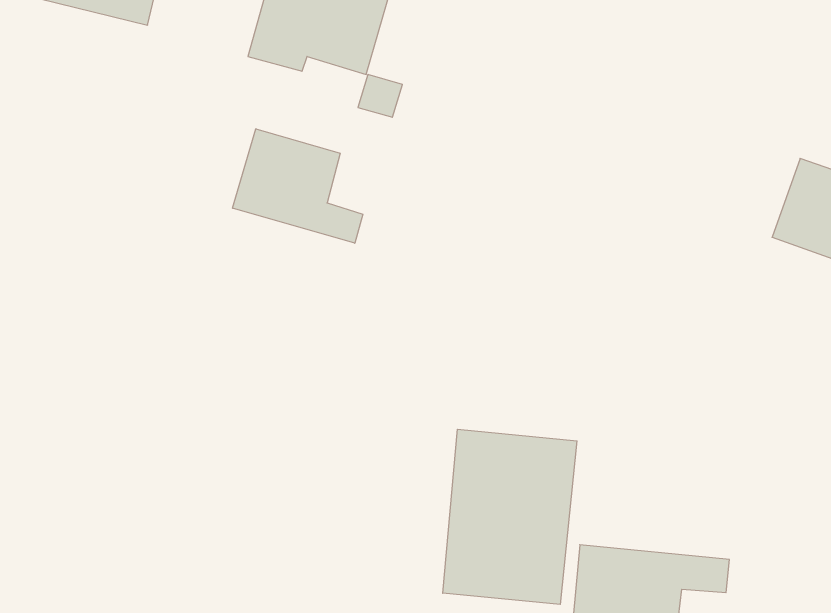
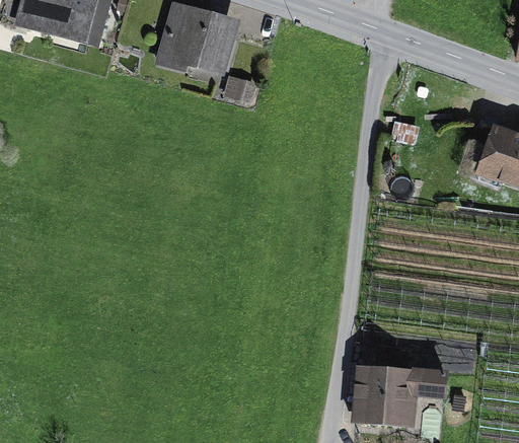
building: [233,129,363,243] -> none
building: [443,429,577,604] -> none

